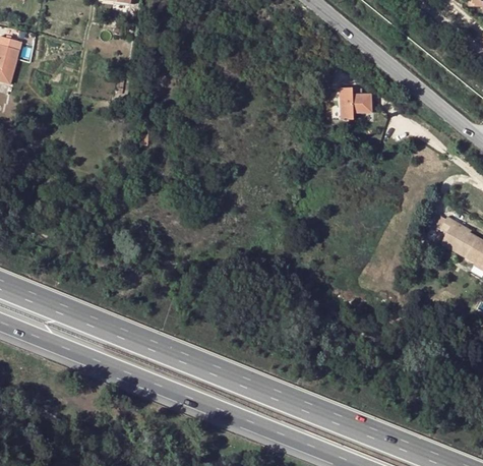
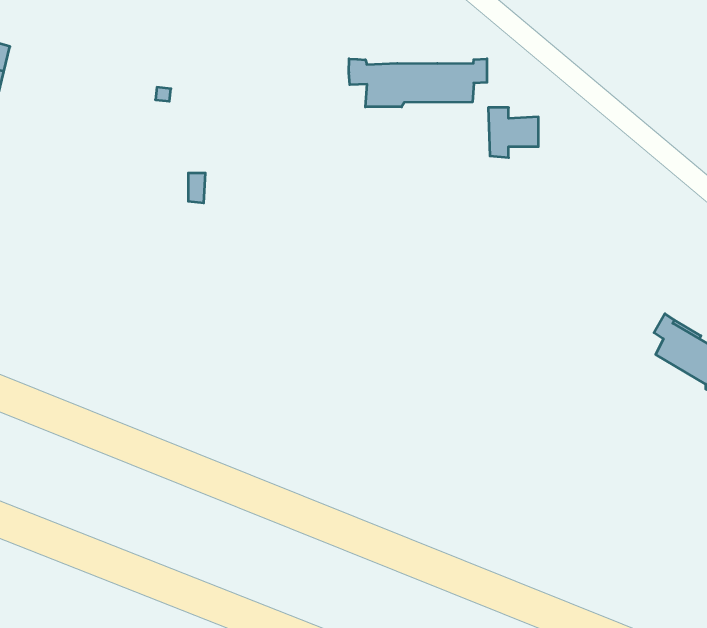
building: none -> [349,59,487,107]

